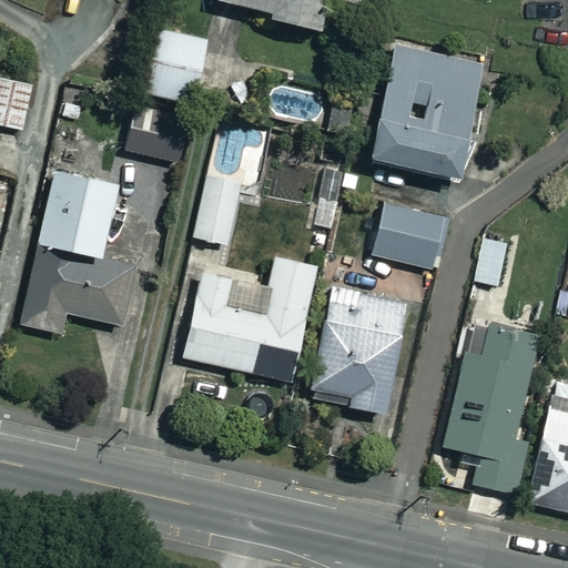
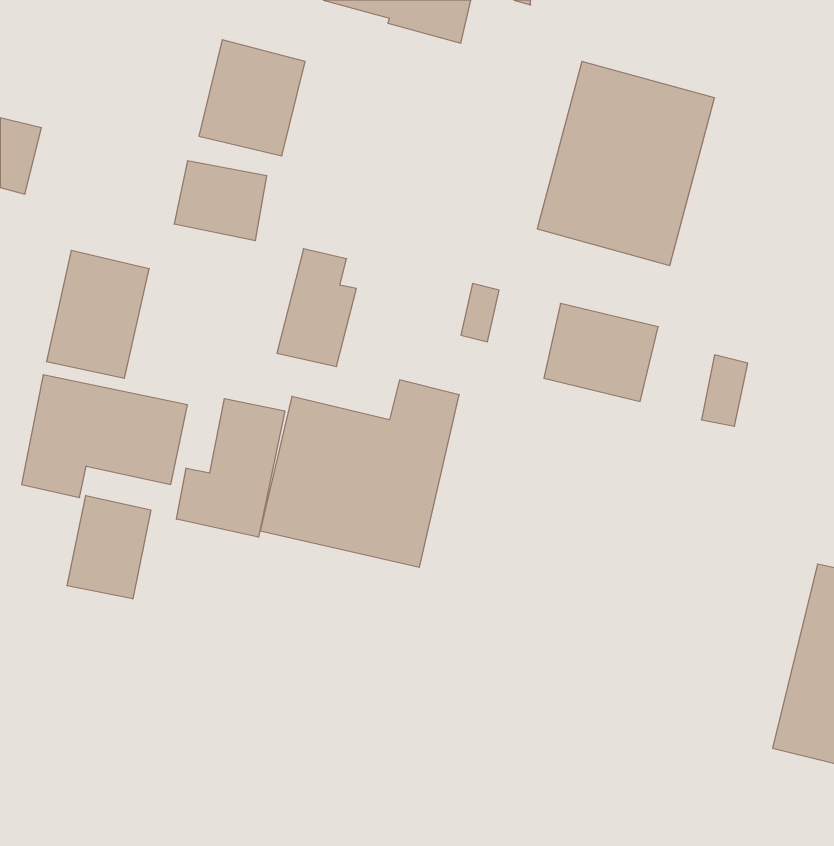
building: none -> [176,399,285,537]
building: [308,287,407,413] -> none
building: [443,324,538,494] -> none
building: none -> [67,495,151,599]

